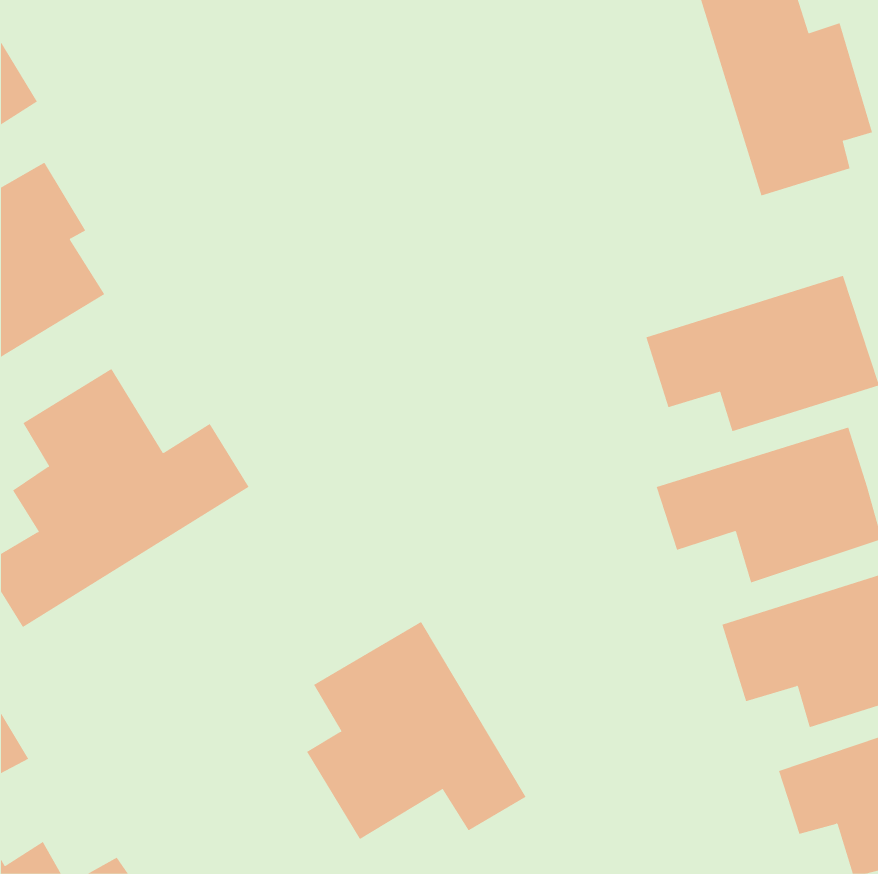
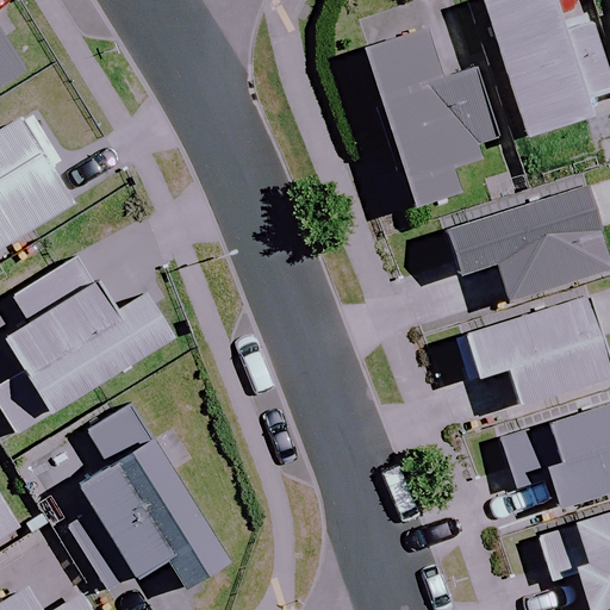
building: none -> [373,44,496,207]
building: [306,621,527,840] -> [75,441,228,592]

